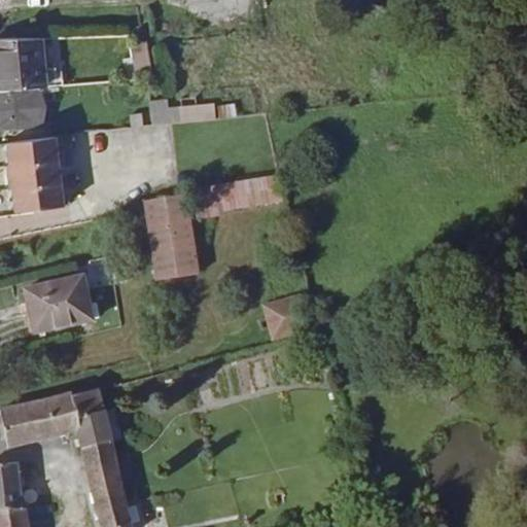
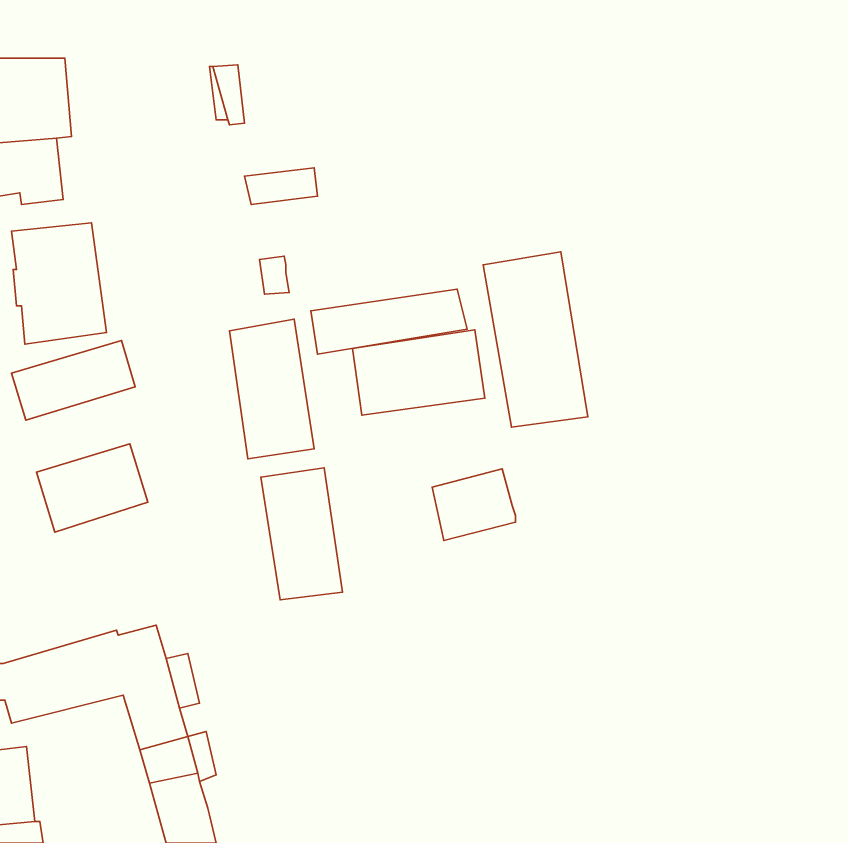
building: none -> [483,252,588,427]
building: none -> [353,330,485,415]
building: none -> [11,341,135,420]
building: none -> [261,468,342,600]

